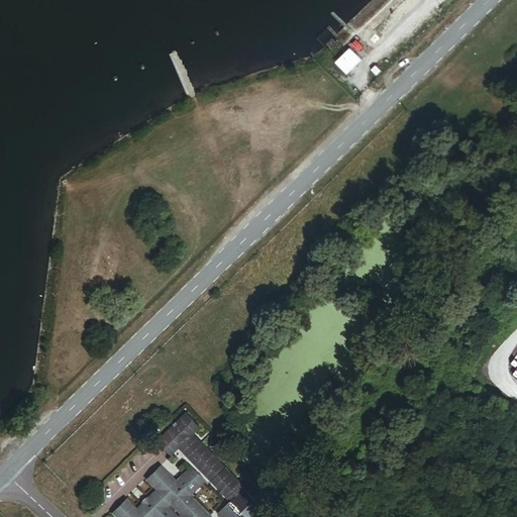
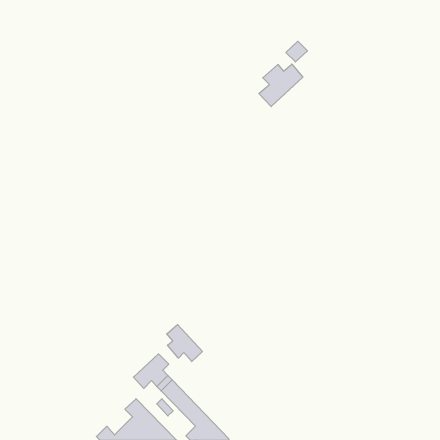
building: none -> [259,64,303,107]
building: none -> [167,325,202,362]

